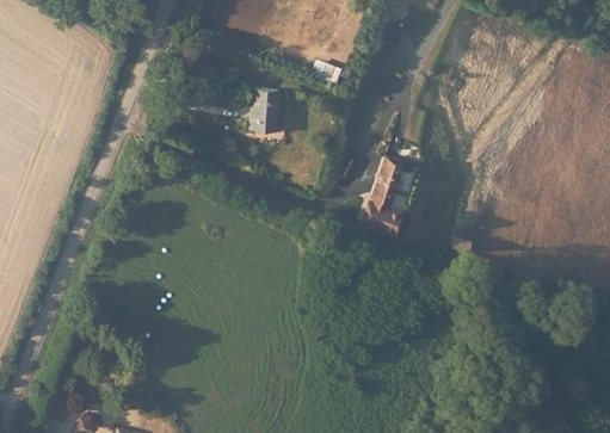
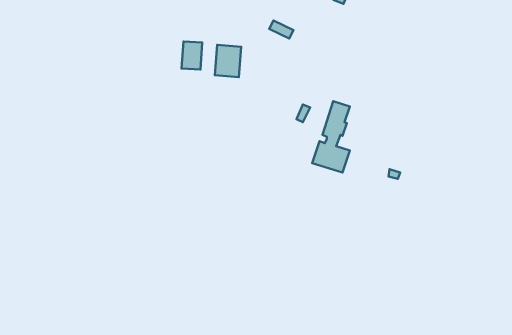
building: none -> [182,42,202,69]

